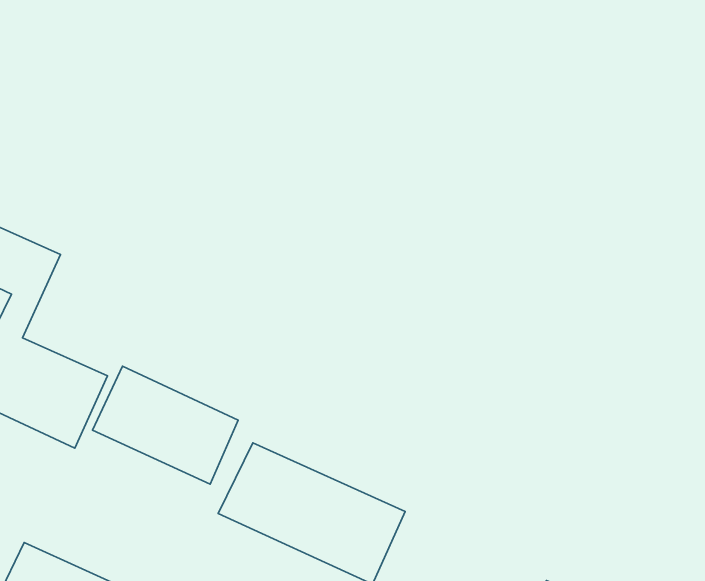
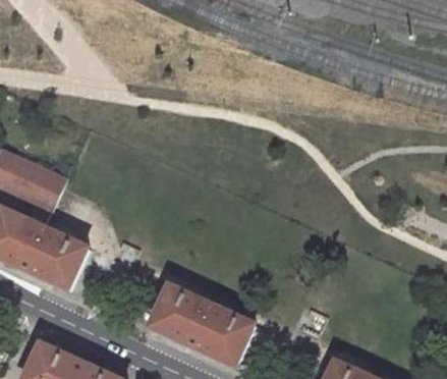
building: [93,366,238,484] -> none

